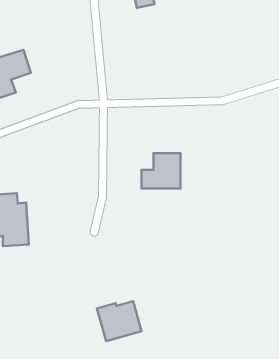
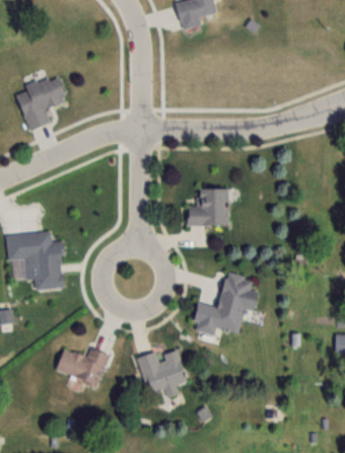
building: none -> [193,274,257,334]
building: none -> [56,348,110,386]

